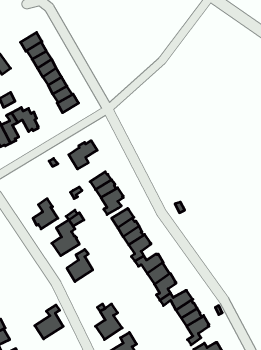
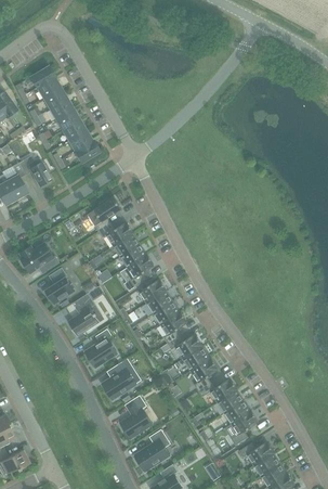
building: none -> [99,221,134,246]
building: none -> [21,243,60,272]
building: [35,305,63,339] -> [102,358,136,399]

